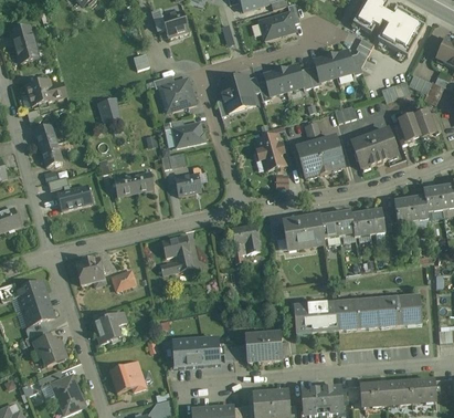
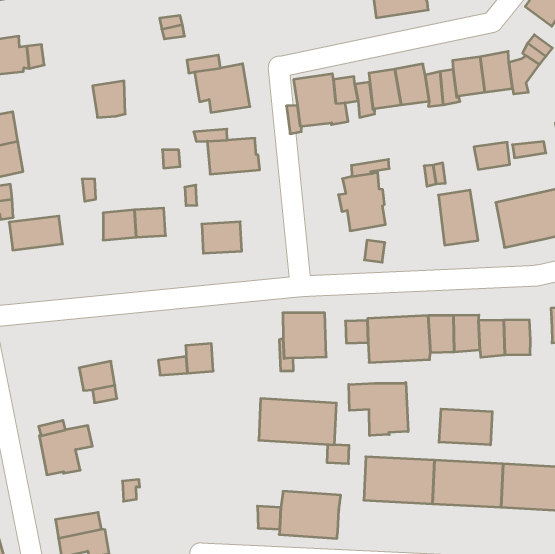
building: [296,142,324,177] -> none
building: [161,233,190,255] -> none
building: [75,257,104,284] -> none
building: none -> [349,382,408,436]
building: none -> [439,409,492,445]
building: [171,337,220,366] -> [259,399,336,445]

